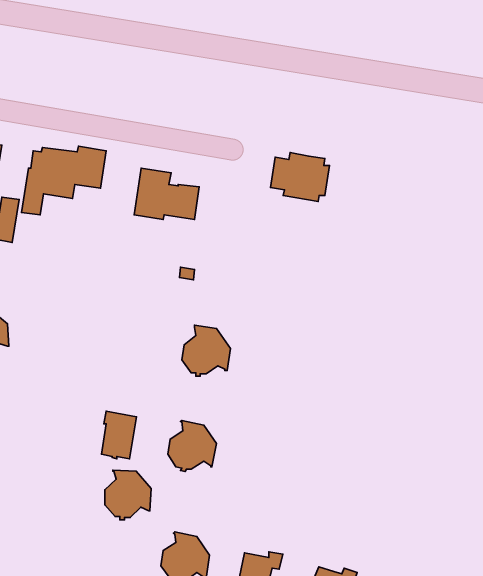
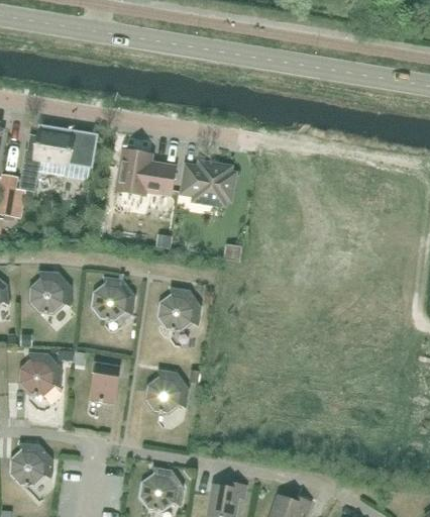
building: [270,153,330,201] -> [183,162,234,204]
building: none -> [31,270,72,313]
building: none -> [93,276,135,320]
building: none -> [21,351,63,395]
building: [105,470,151,520] -> [12,442,52,486]

